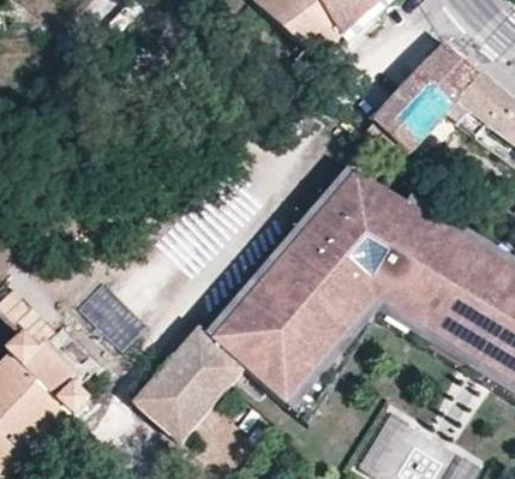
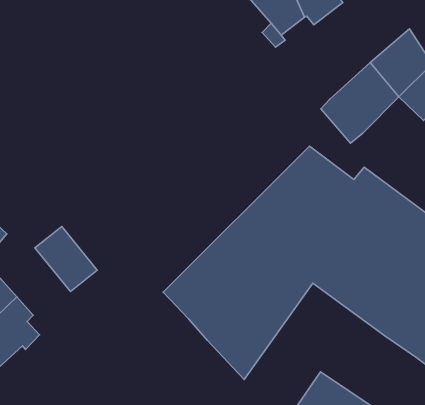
building: [131,323,241,437] -> none

